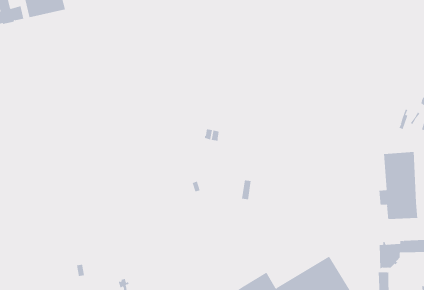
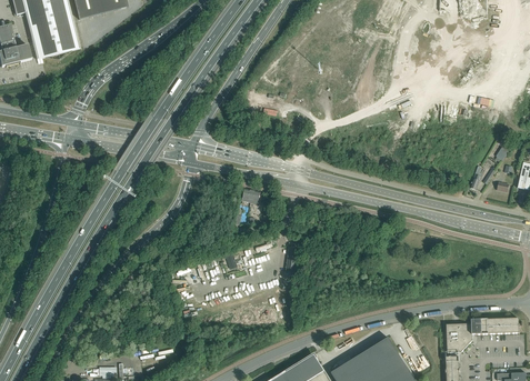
building: [379,151,418,220] -> none

